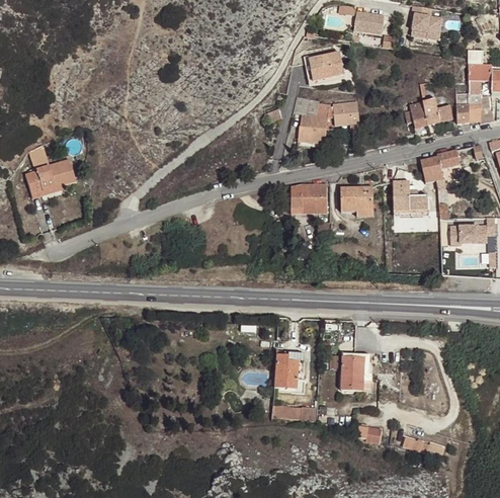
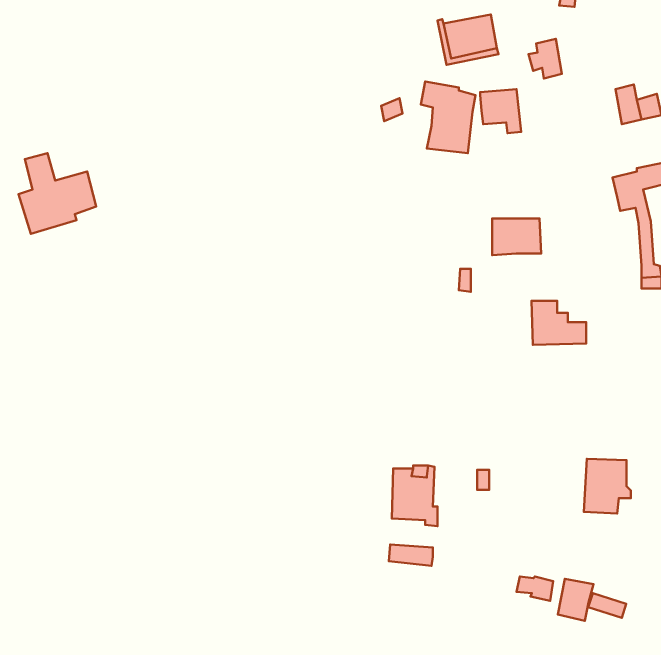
building: [404,101,426,128] -> [528,39,562,79]
building: [392,181,428,211] -> [531,301,586,345]
building: [290,184,326,213] -> none
building: [340,353,371,390] -> [584,459,631,514]
building: none -> [558,579,593,621]

